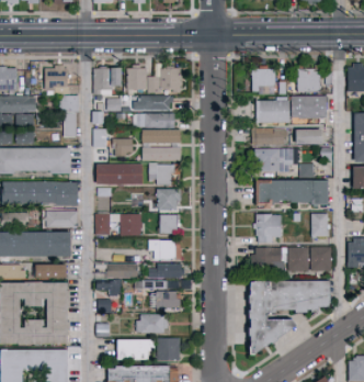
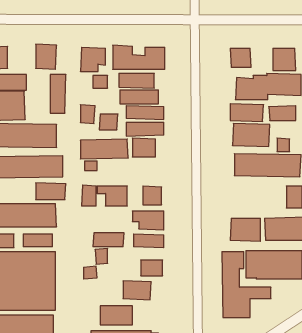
building: [158,189,180,209] -> none
building: [255,213,282,243] -> none
building: [158,337,181,360] -> none

